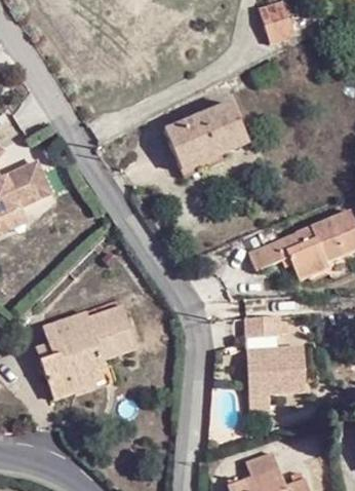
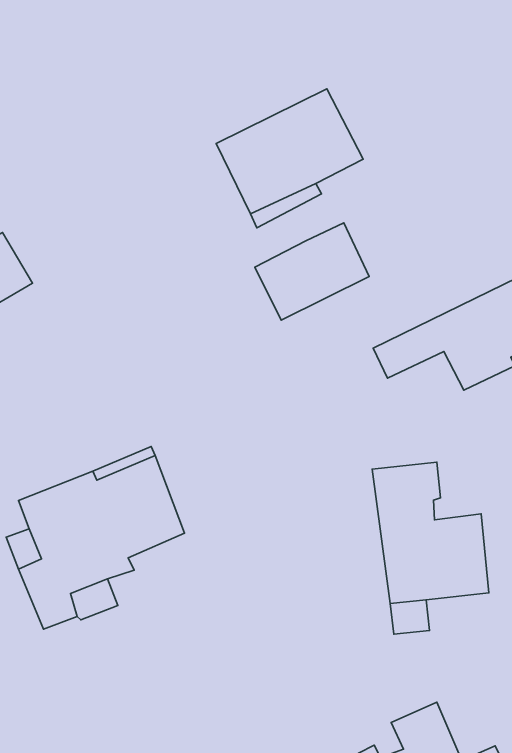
building: none -> [255,223,369,320]

